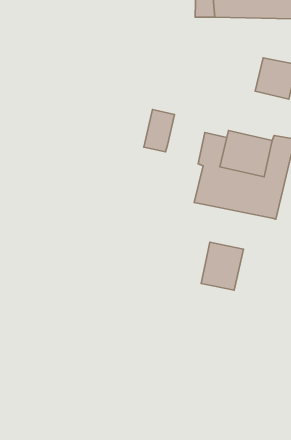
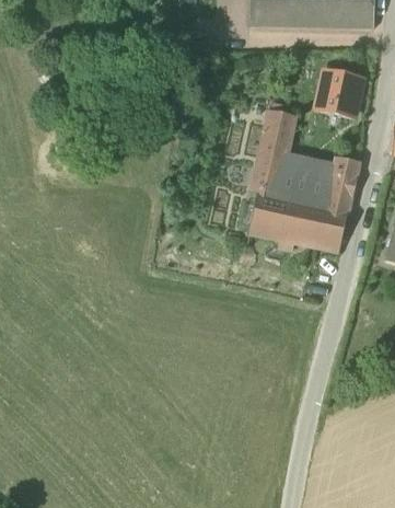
building: [144,110,174,152] -> [260,112,294,159]
building: [201,242,244,290] -> none

